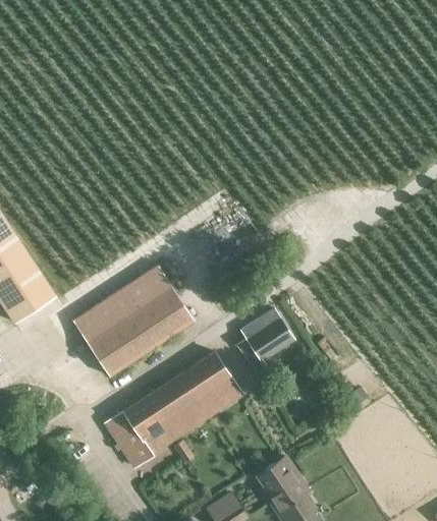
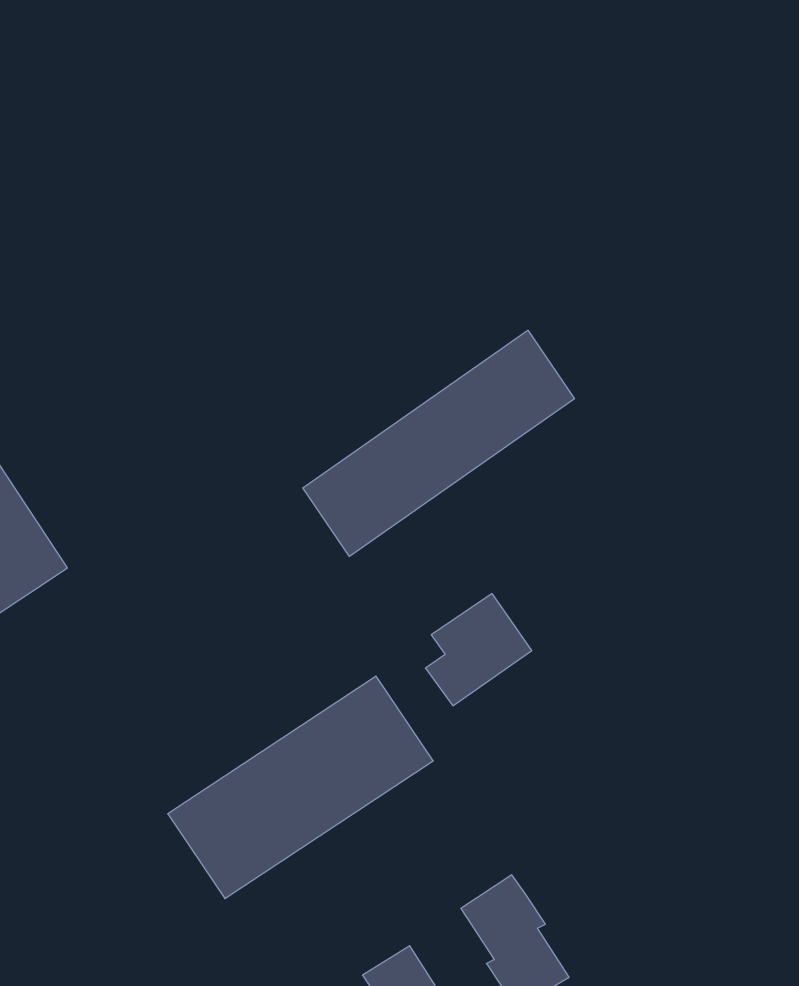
building: none -> [303,330,575,556]
building: [71,267,193,378] -> none

